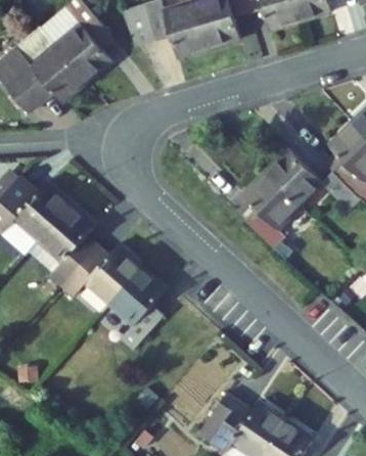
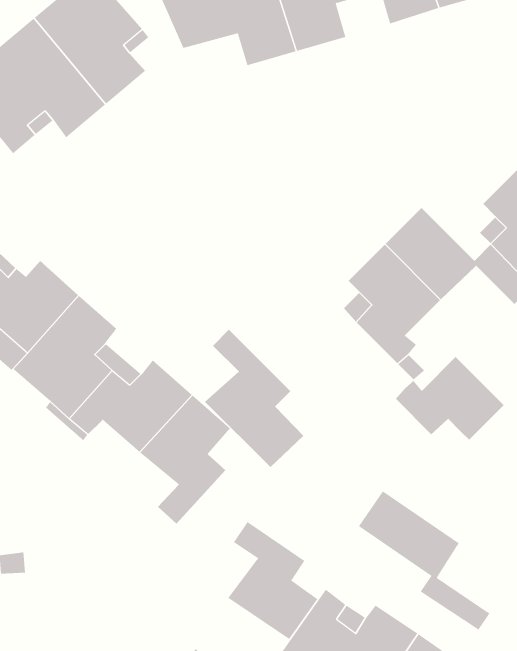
building: none -> [204,329,304,468]
building: none -> [395,356,504,440]
building: none -> [358,491,490,631]
building: none -> [228,521,318,640]

